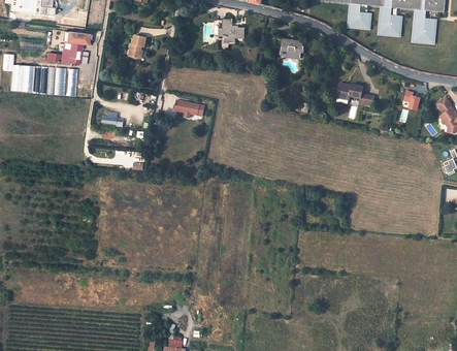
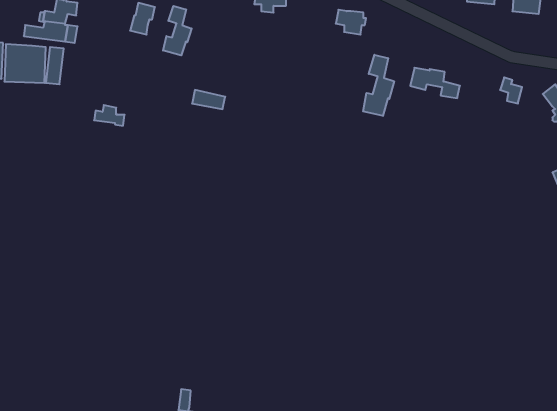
building: none -> [163,6,192,55]
building: none -> [363,55,394,116]

